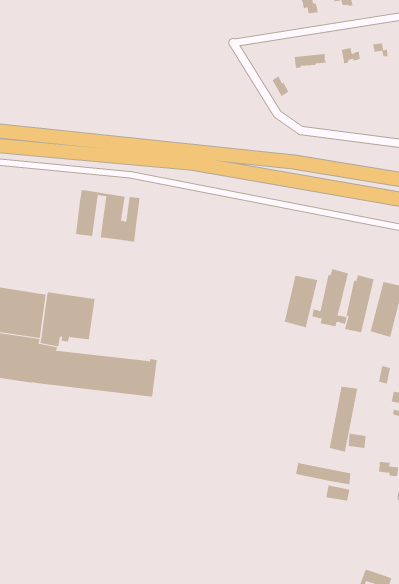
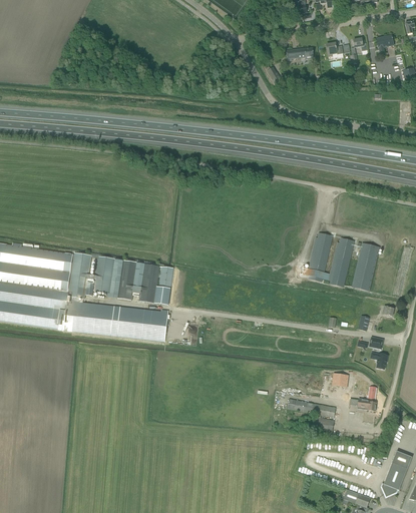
building: [75,190,141,242] -> [117,260,173,305]
building: [284,275,318,328] -> none
building: [329,386,358,452] -> none

